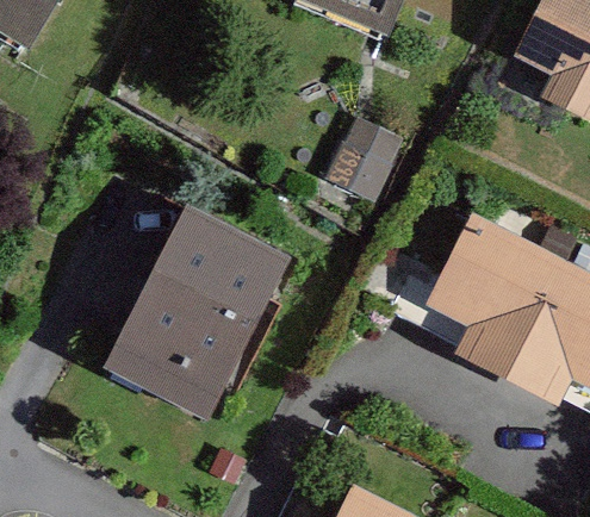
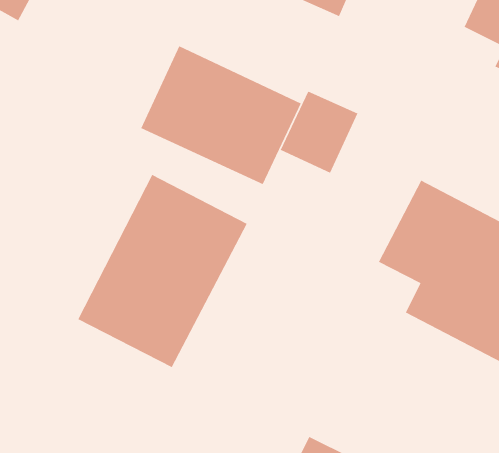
building: none -> [140,45,302,185]

